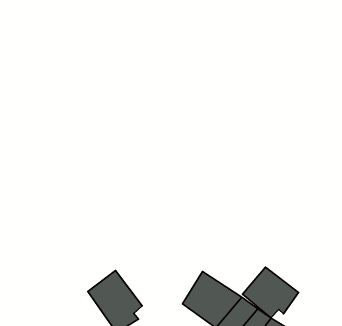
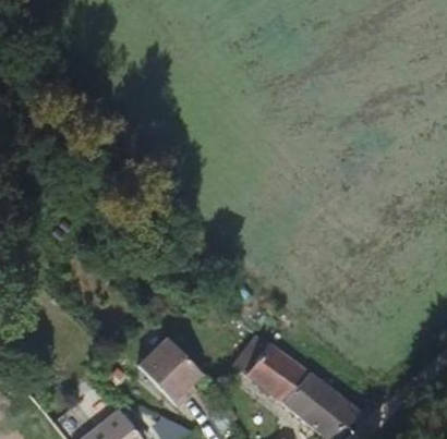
building: [243,267,299,318] -> none

